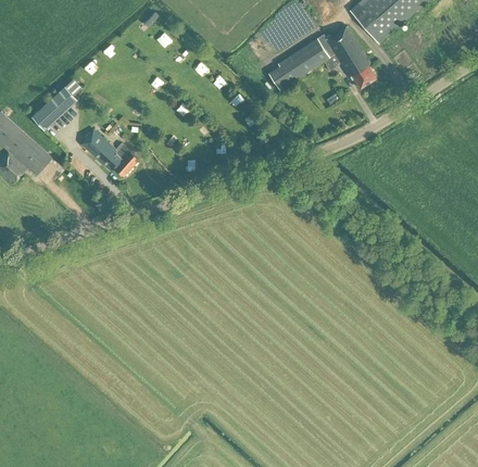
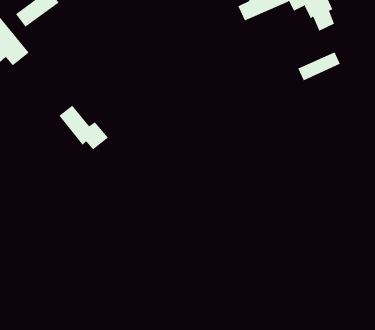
building: none -> [298,51,341,81]
building: [80,129,138,175] -> [59,105,109,150]

